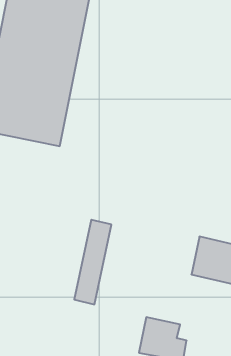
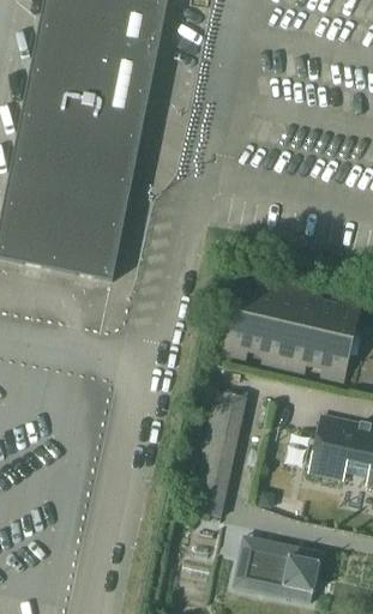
building: none -> [222,272,361,381]
building: [74,220,111,304] -> [189,390,245,516]

